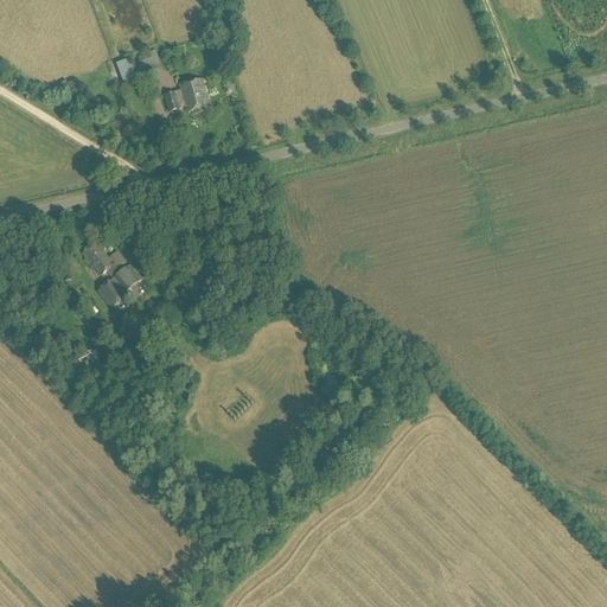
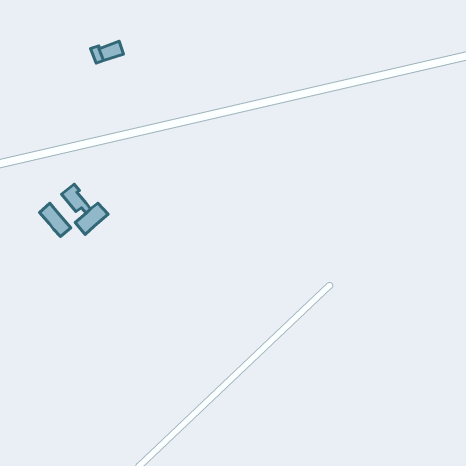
building: [162,77,207,110] -> none
building: none -> [39,203,71,236]

